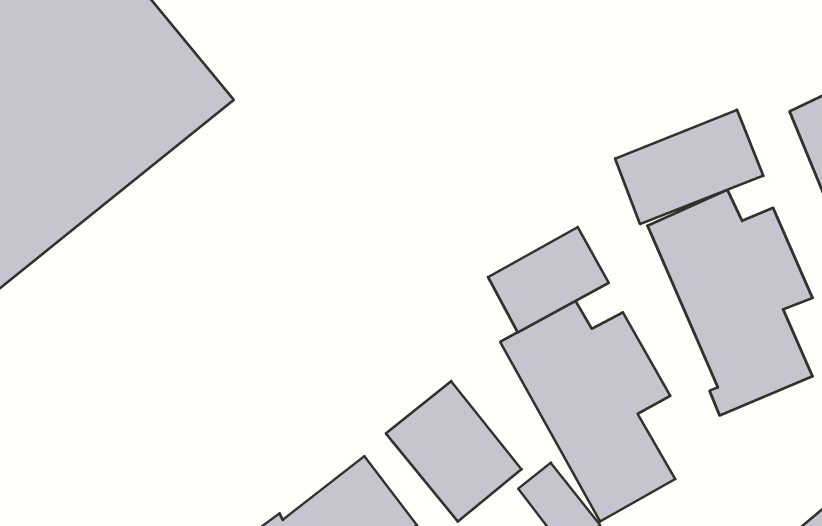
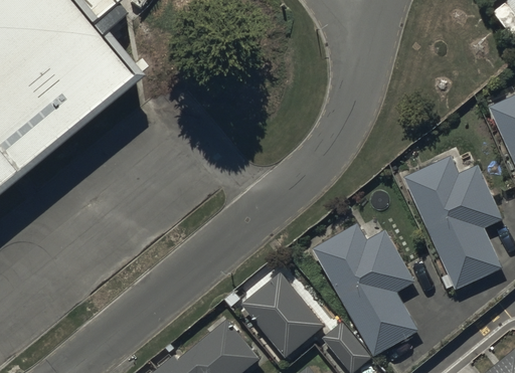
building: [615,110,763,224] -> none
building: [488,227,609,332] -> none

